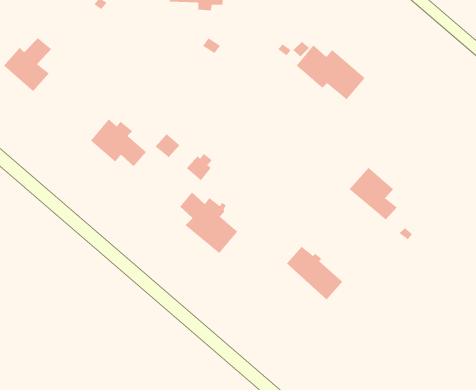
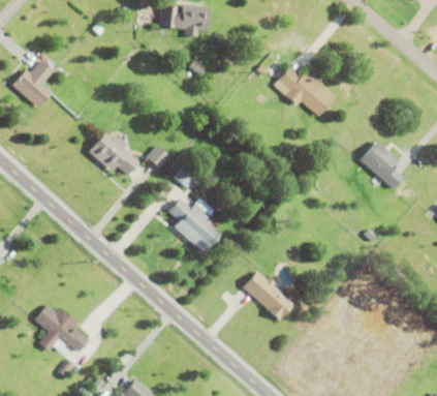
building: [349,167,397,220] -> [360,141,403,188]
building: [286,246,343,300] -> [244,272,294,321]
building: none -> [35,305,90,354]

